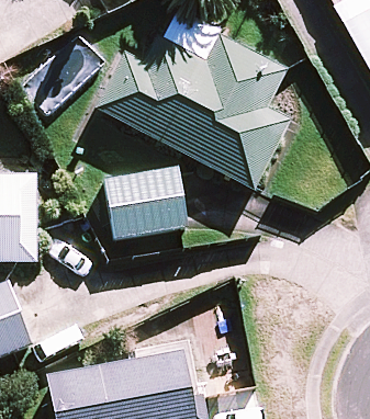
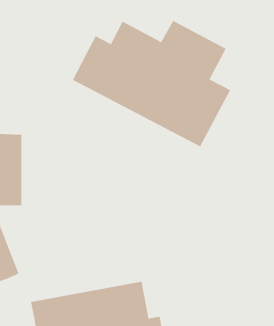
building: [105,166,188,238] -> none

